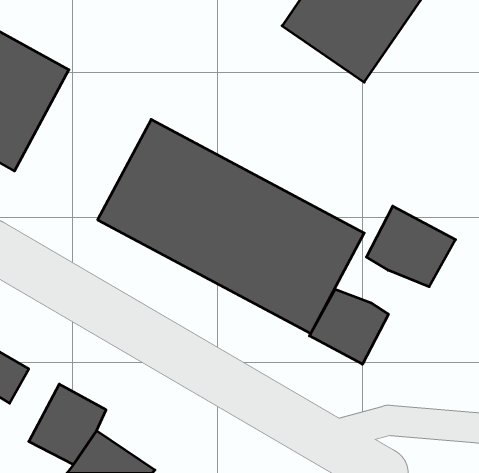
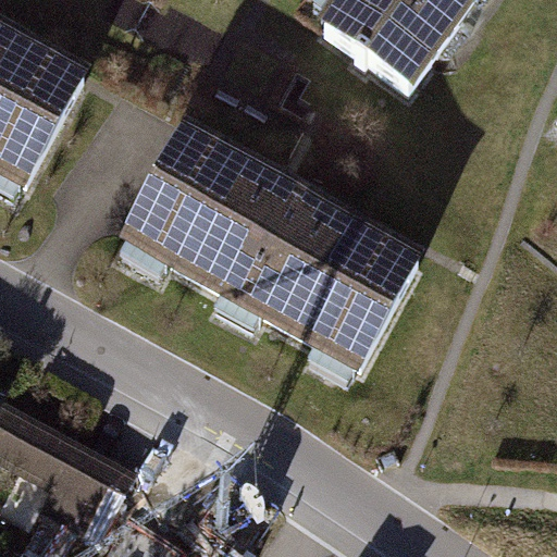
building: [366,206,456,287] -> none
building: [309,289,388,364] -> none

